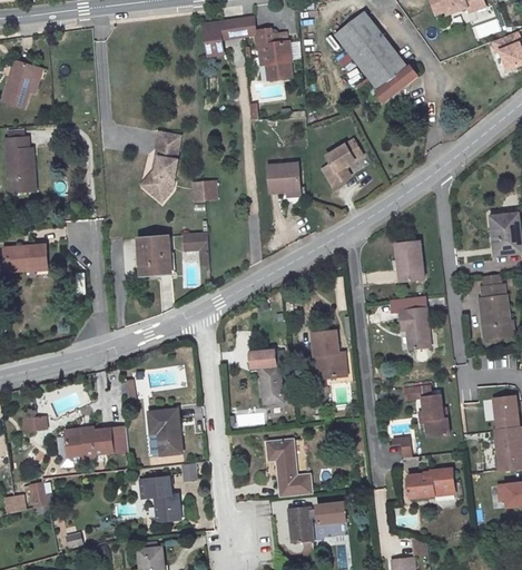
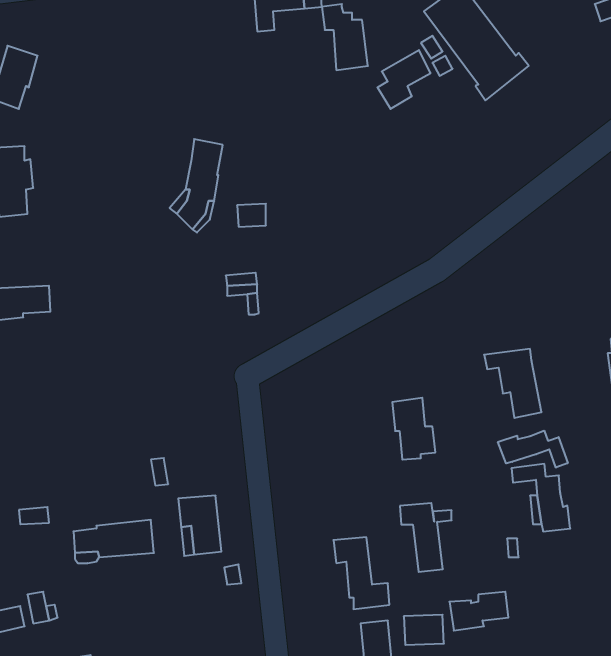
building: [324,138,365,184] -> [377,50,431,109]
building: [266,160,298,189] -> none
building: [138,236,170,274] -> none
building: [394,237,424,279] -> none
building: [250,350,290,403] -> [400,503,452,572]
building: none -> [498,431,568,468]
building: [408,468,454,498] -> [449,592,508,631]
building: [144,476,179,521] -> none

